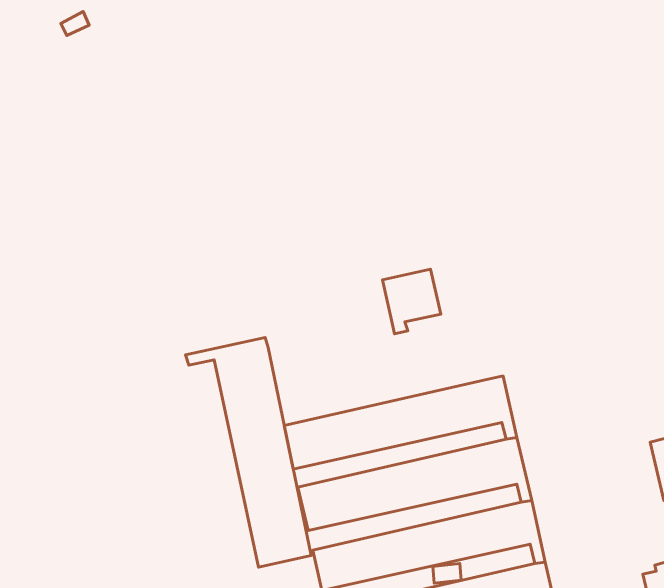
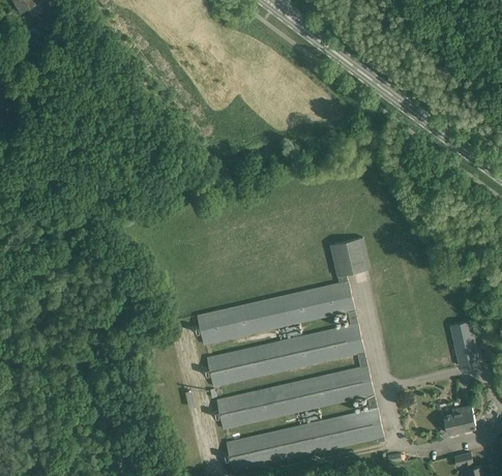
building: [382,269,441,334] -> [329,238,370,282]
building: [186,338,311,567] -> none

